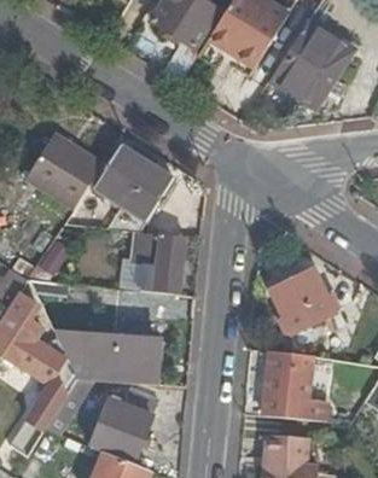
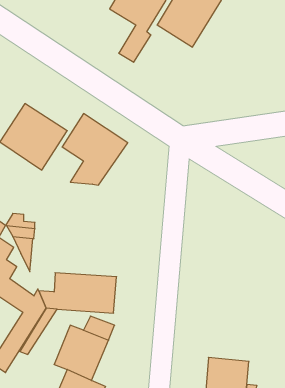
building: [269,19,350,106] -> none
building: [116,228,186,292] -> none
building: [273,268,333,336] -> none
building: [268,352,326,420] -> none

